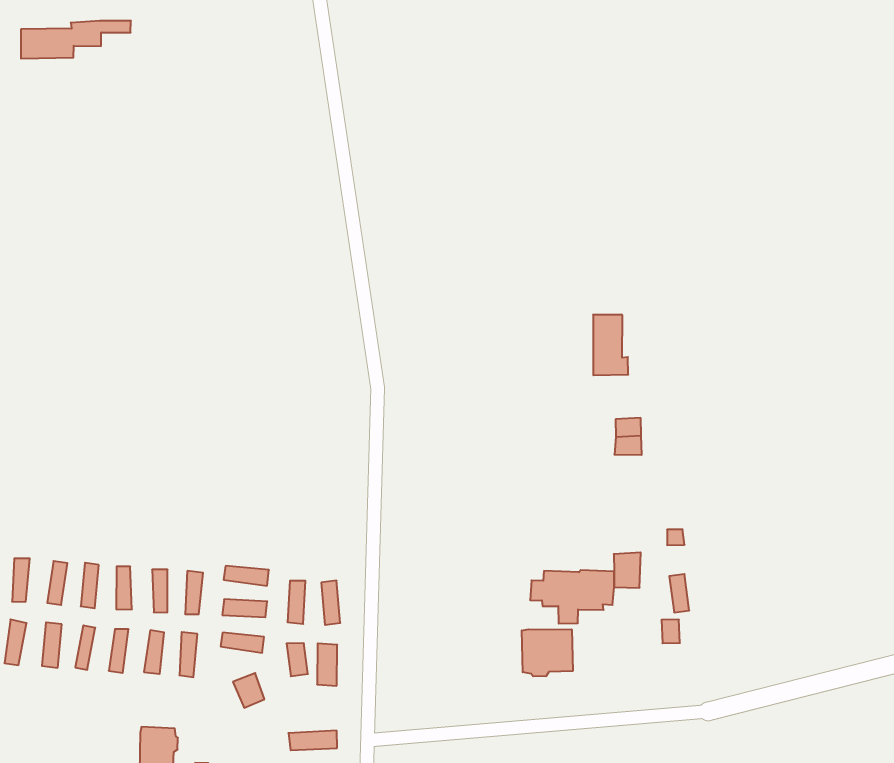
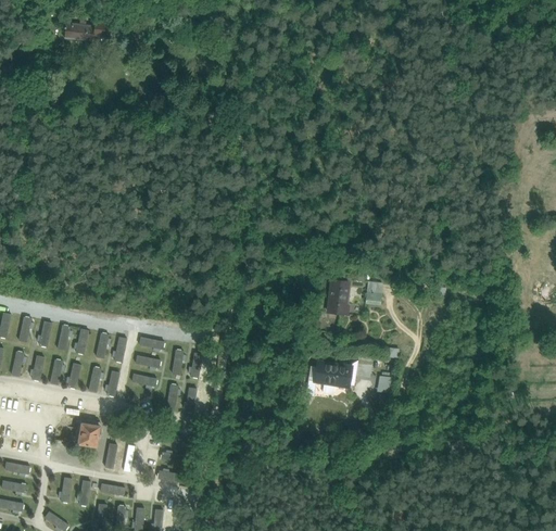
building: [593,315,628,375] -> [327,279,348,315]
building: [522,629,573,676] -> none

